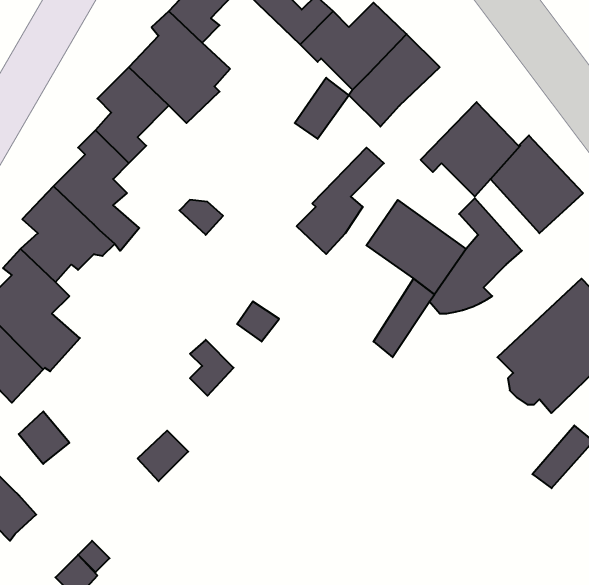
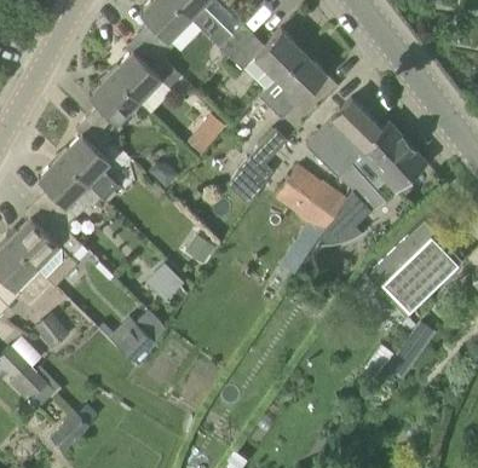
building: [295,78,349,139] -> [185,112,223,155]

